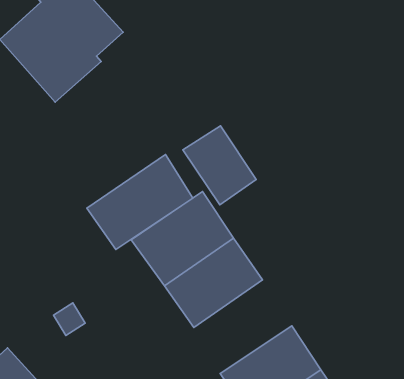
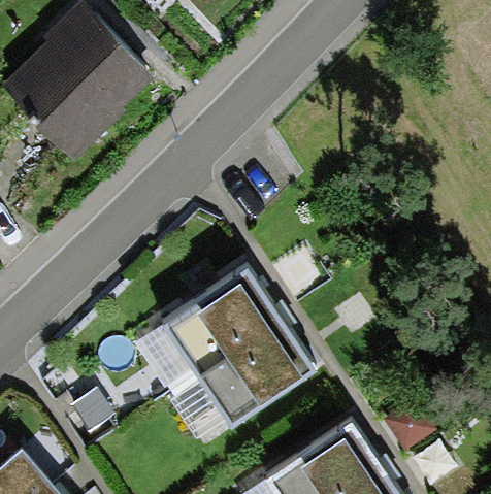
building: [183,126,256,205] -> none
building: [87,154,193,250] -> none

